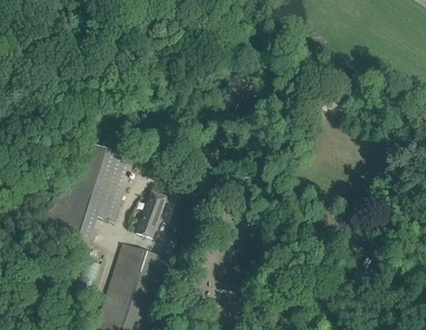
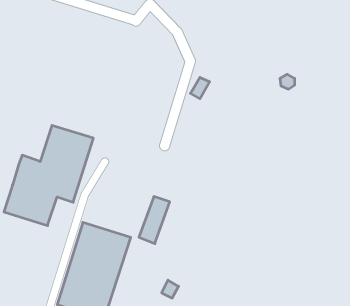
building: [135,188,166,236] -> [139,197,170,244]

